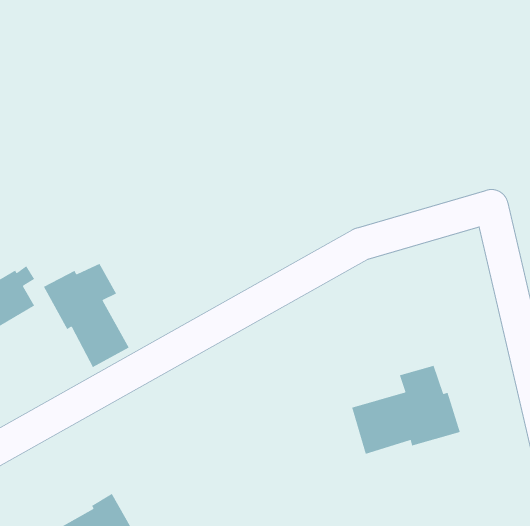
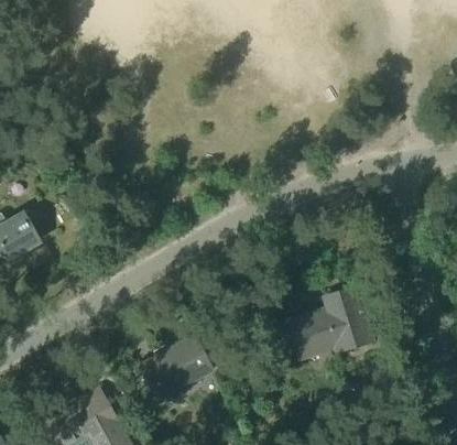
building: [43,263,130,368] -> none
building: none -> [140,334,214,399]

